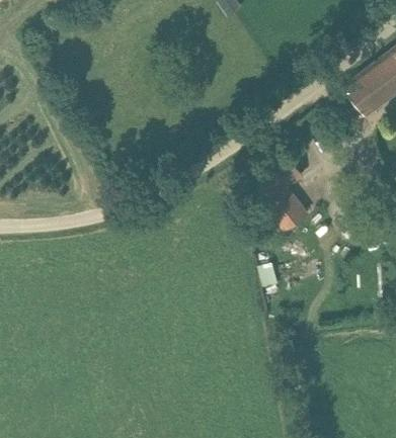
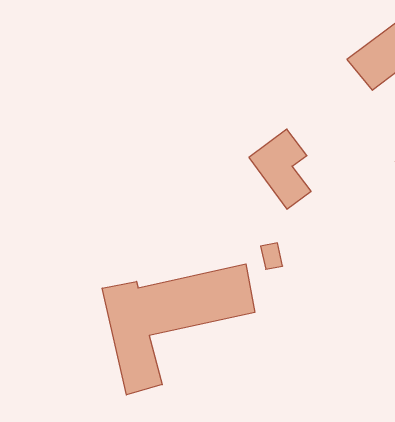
building: none -> [102,264,255,395]

